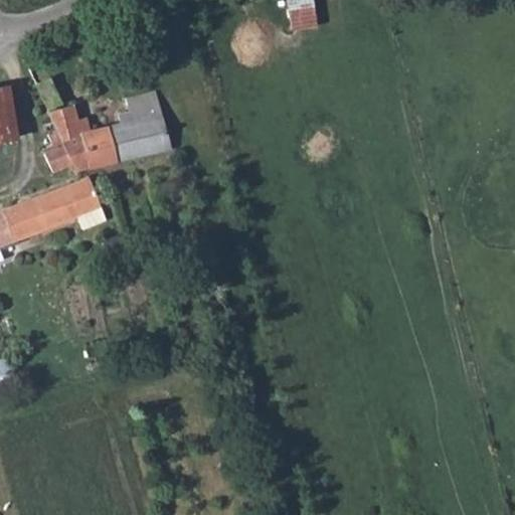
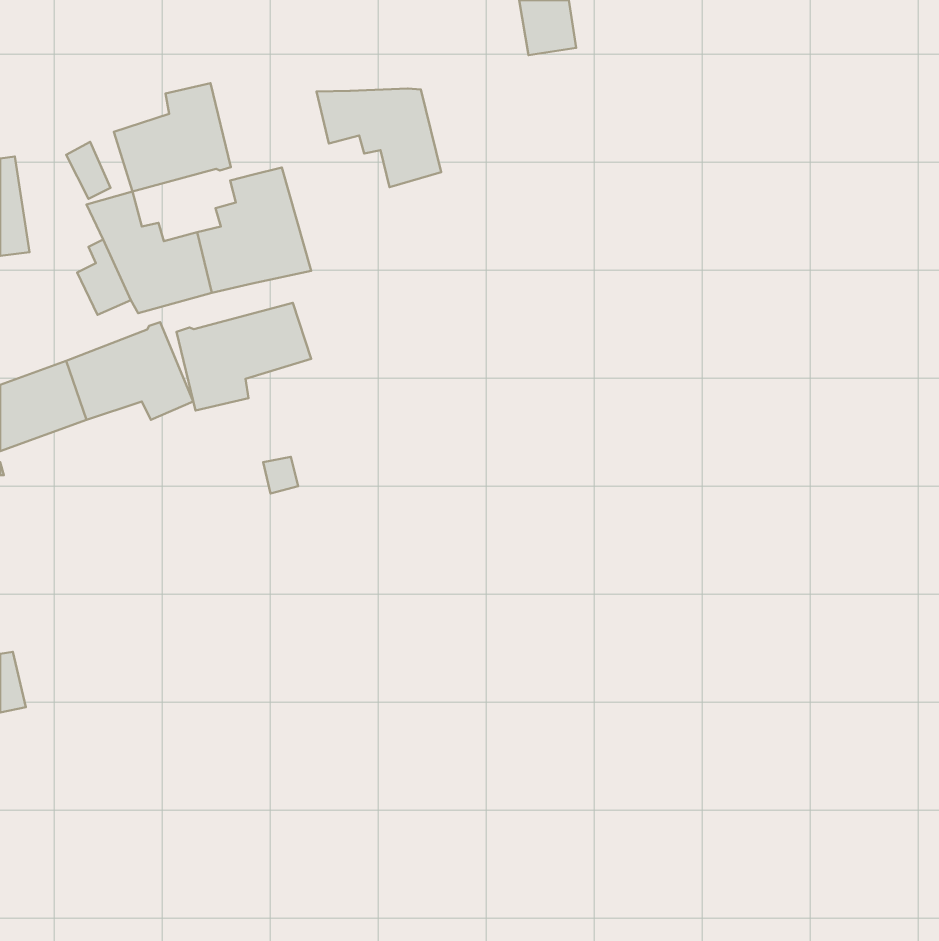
building: none -> [114,83,231,192]
building: none -> [316,89,441,187]
building: none -> [176,303,311,410]

